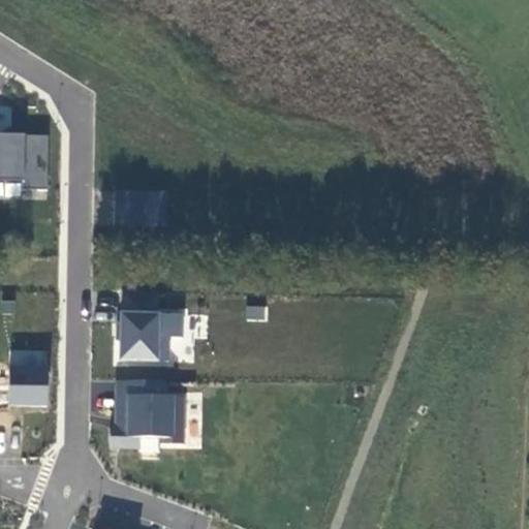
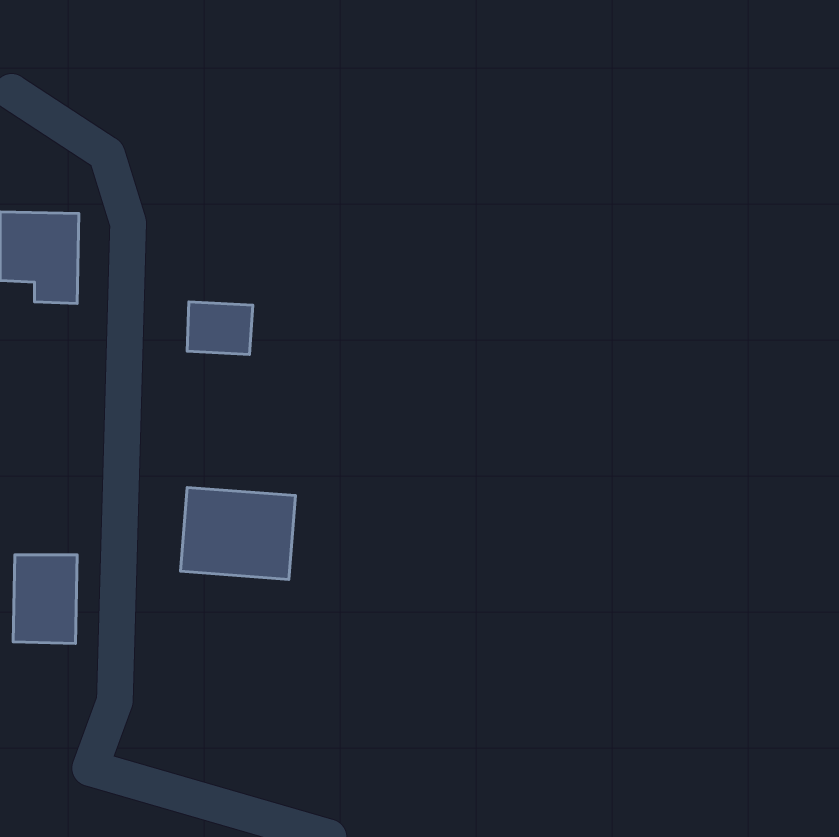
building: [112,379,184,450] -> none

